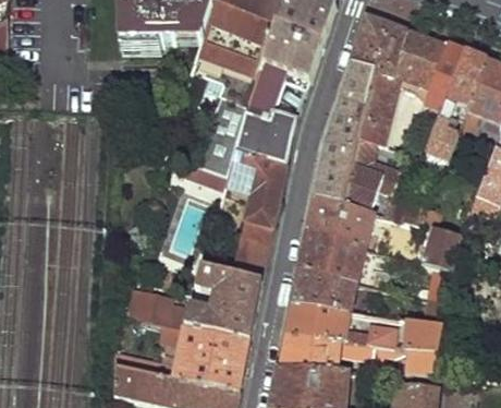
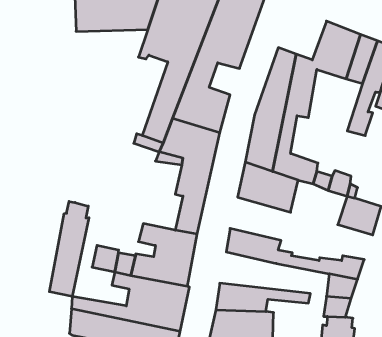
building: [352,15,407,76] -> none
building: [296,235,366,286] -> none
building: none -> [49,201,89,296]
building: [284,298,399,347] -> none

